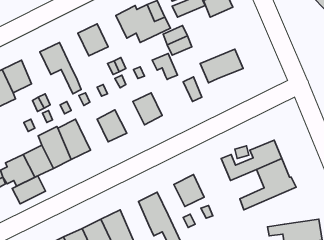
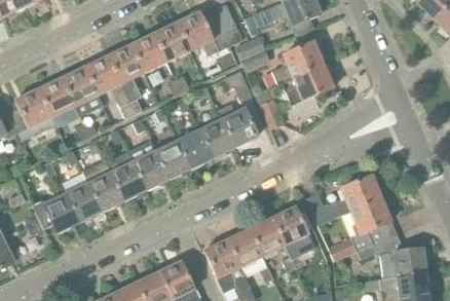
building: none -> [155,24,191,62]
building: none -> [272,41,323,84]
building: none -> [109,45,145,84]
building: none -> [63,68,104,117]
building: none -> [217,102,258,146]
building: none -> [177,128,213,167]
building: none -> [134,150,168,188]
building: none -> [272,206,309,246]
building: [12,176,46,204] -> none
building: none -> [228,230,262,267]
building: none -> [352,233,425,278]

